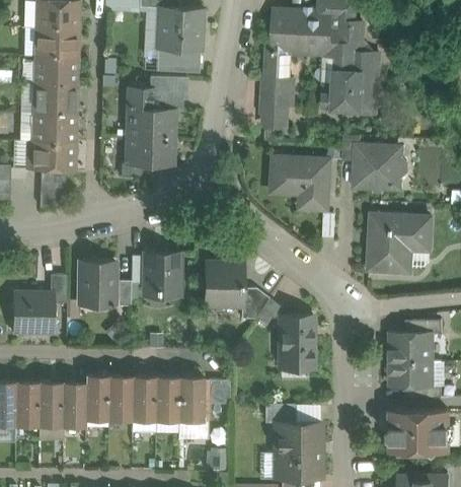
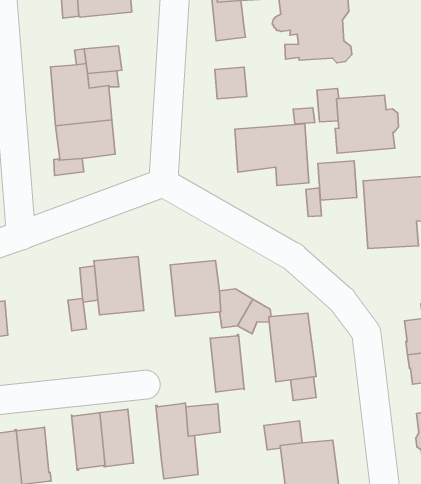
building: [157,51,200,73] -> none
building: [262,82,291,109] -> none
building: none -> [318,161,357,200]
building: [80,261,114,306] -> none
building: [85,375,109,421] -> none
building: [155,376,179,422] -> [210,335,244,392]

